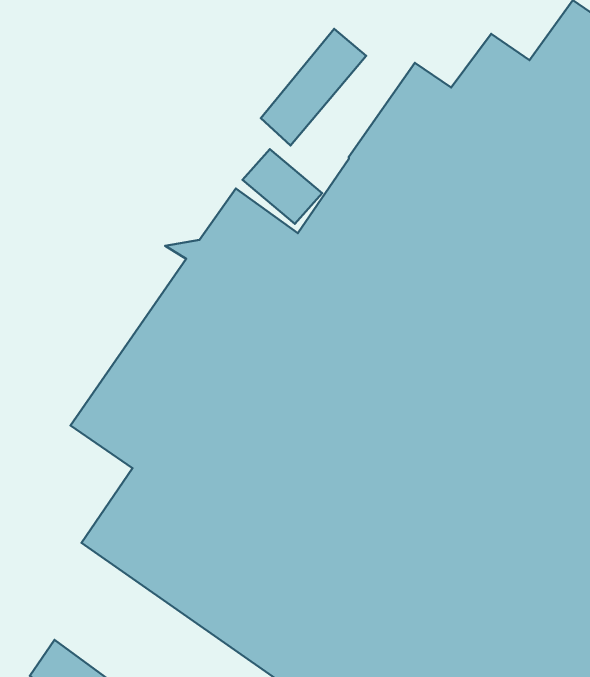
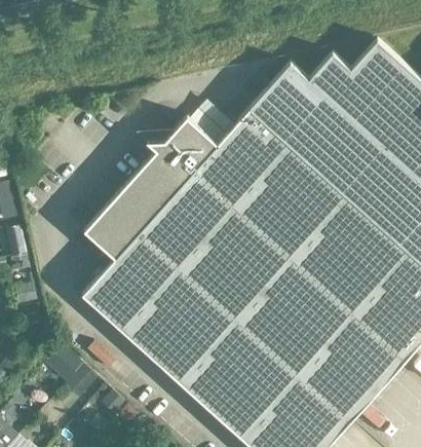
building: [261,29,366,146] -> none

